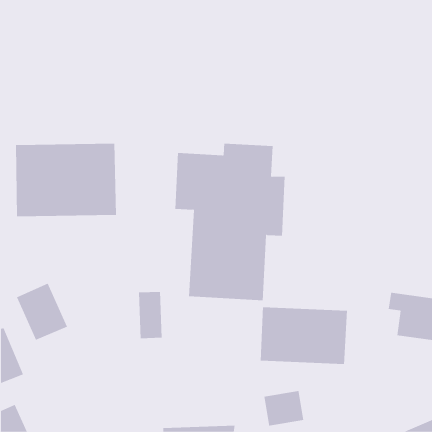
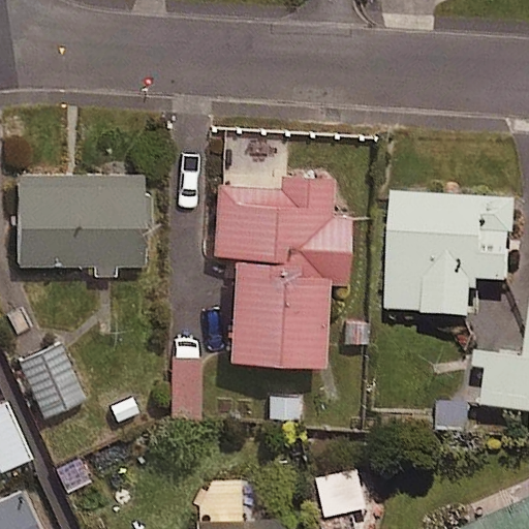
building: none -> [391,199,517,322]
building: [260,306,347,365] -> none

